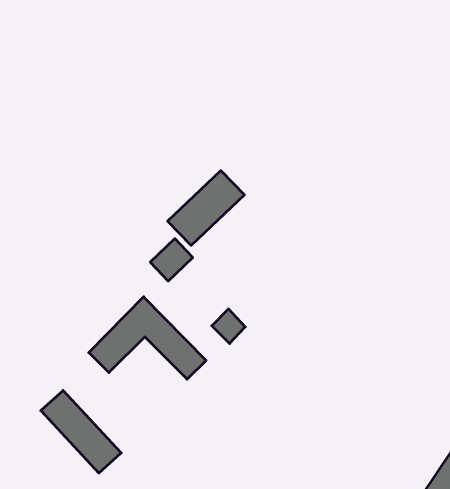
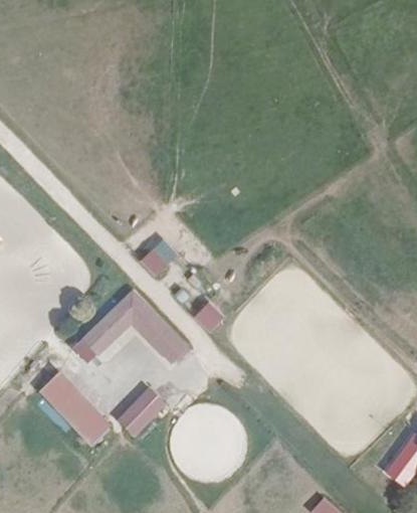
building: [168,171,244,245] -> none
building: none -> [115,384,166,436]

